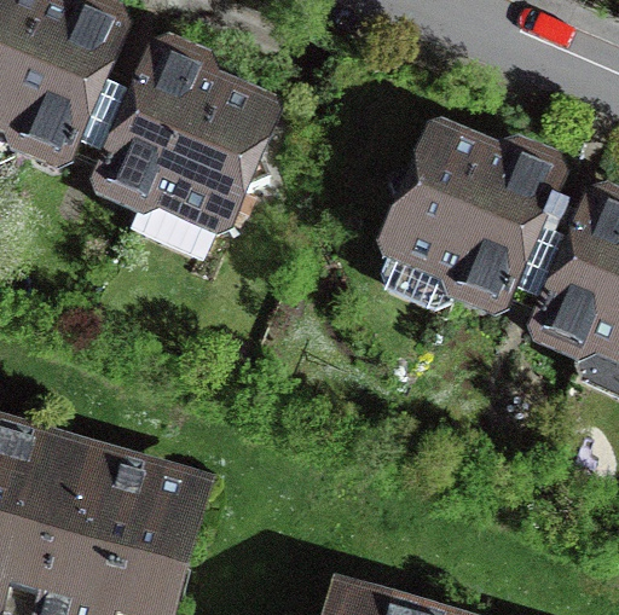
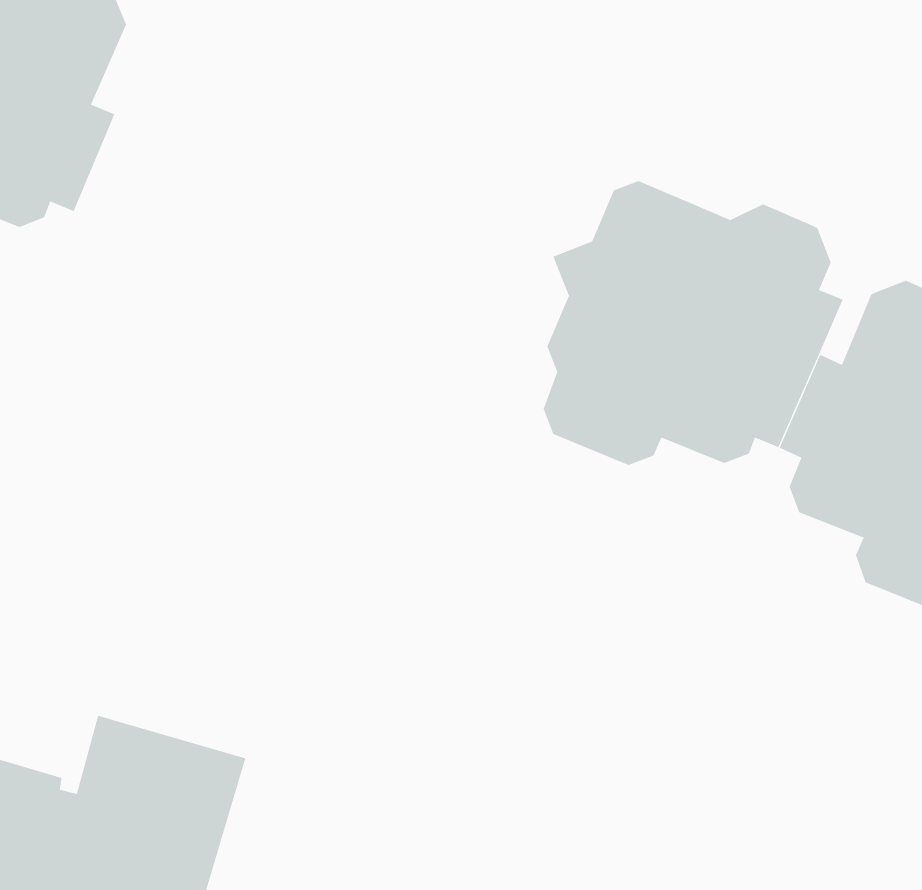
building: [92,41,274,248] -> none

